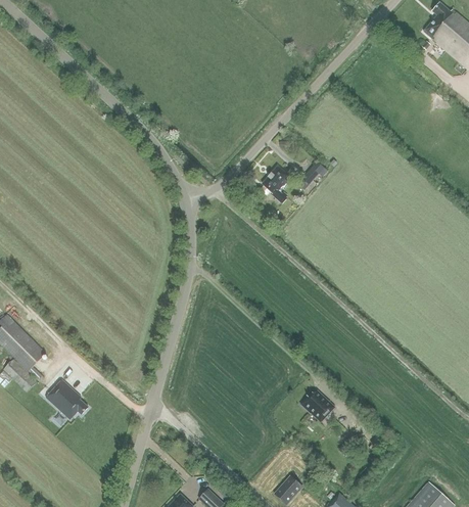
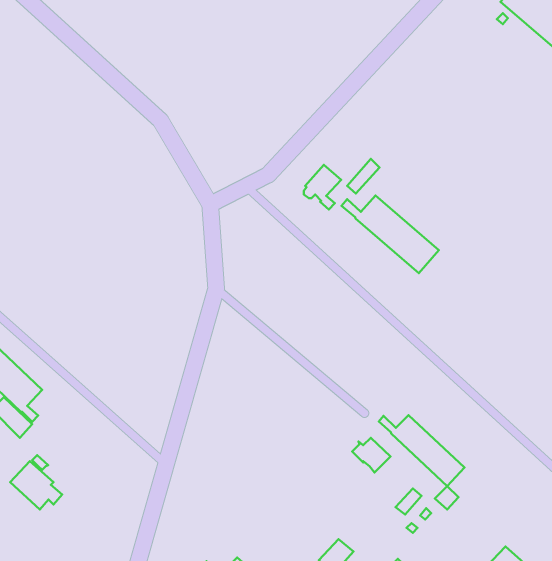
building: none -> [342,195,439,273]
building: none -> [379,415,465,486]
building: [45,378,88,418] -> [10,461,62,509]

